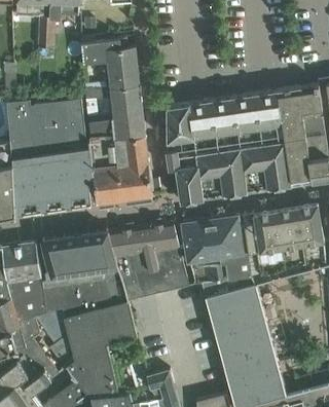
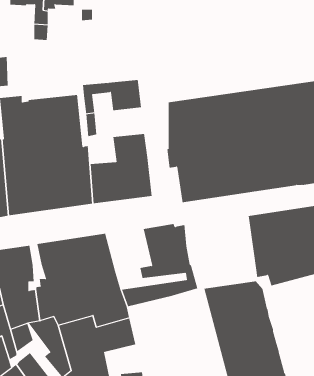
building: [81,39,139,88] -> none
building: [112,112,145,140] -> none
building: [183,215,251,284] -> none
building: [108,227,184,285] -> none

